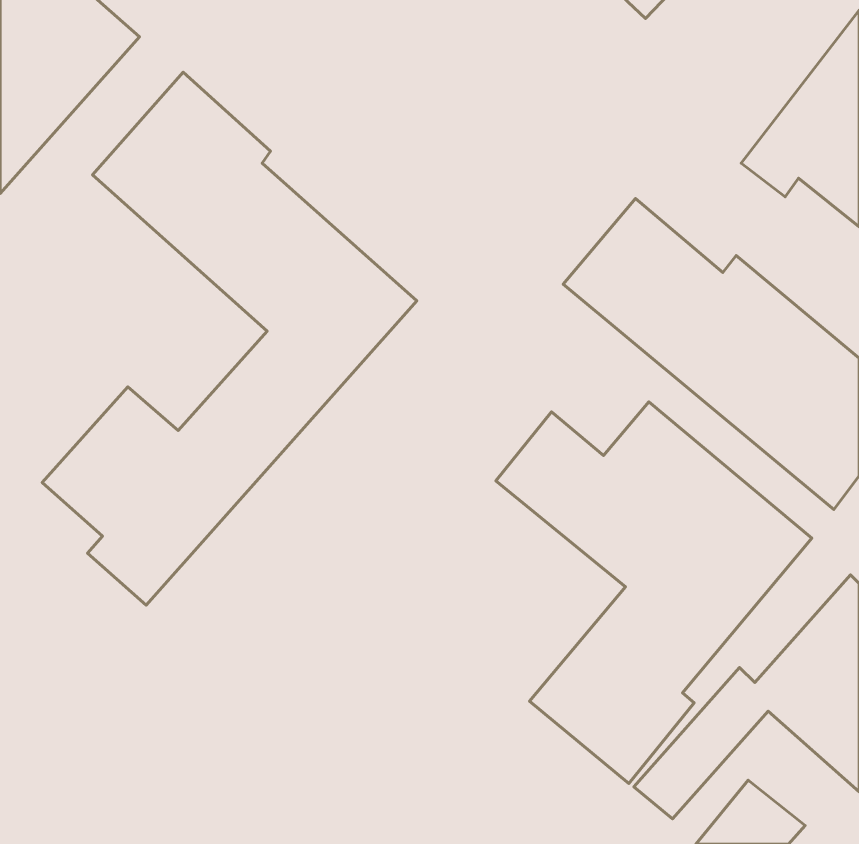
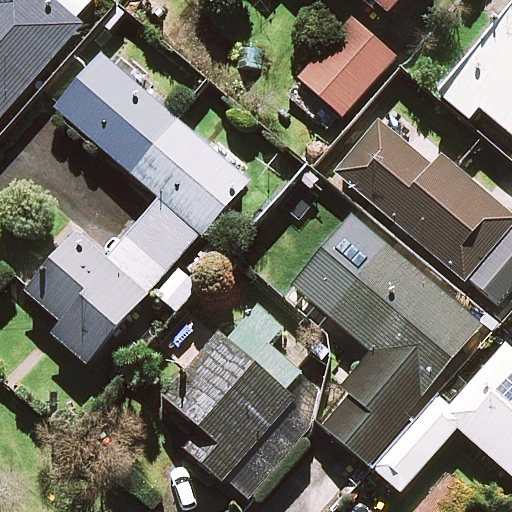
building: none -> [288,17,394,126]
building: none -> [164,303,328,498]

